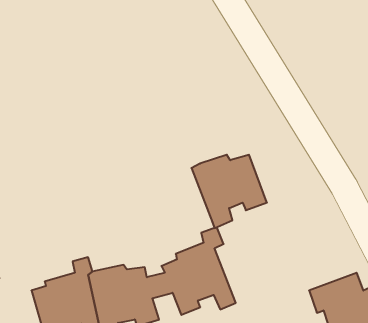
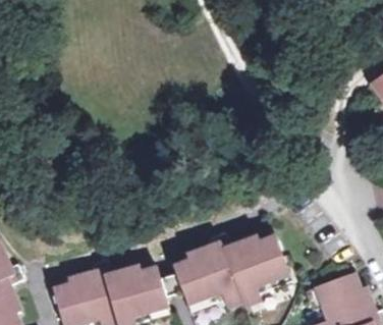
building: [191,155,267,228] -> [222,236,291,304]

